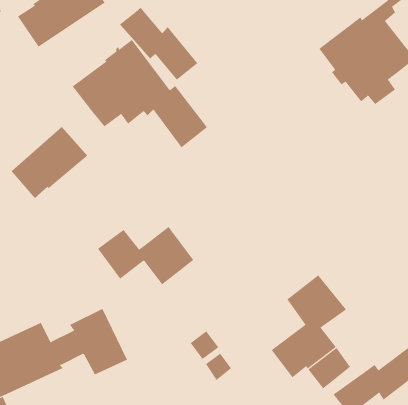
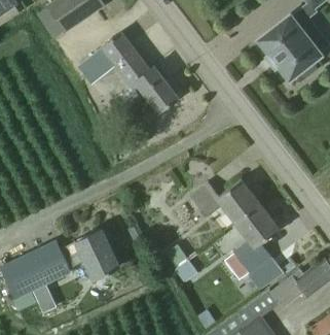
building: [119,7,198,81] -> none
building: [11,126,88,199] -> none
building: [97,226,194,285] -> [189,179,260,223]

